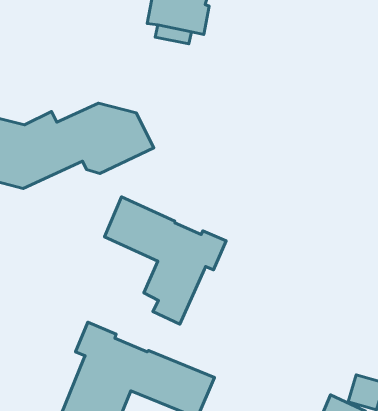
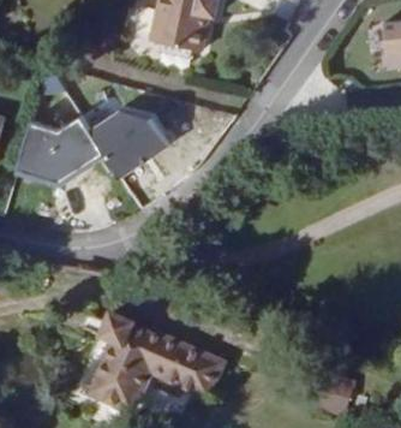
building: [105,197,226,324] -> none

